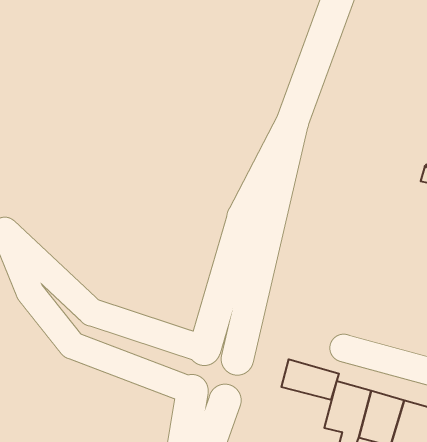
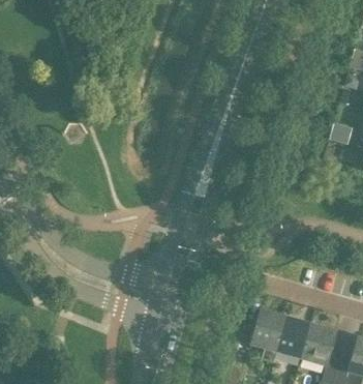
building: [281,359,339,400] -> none

